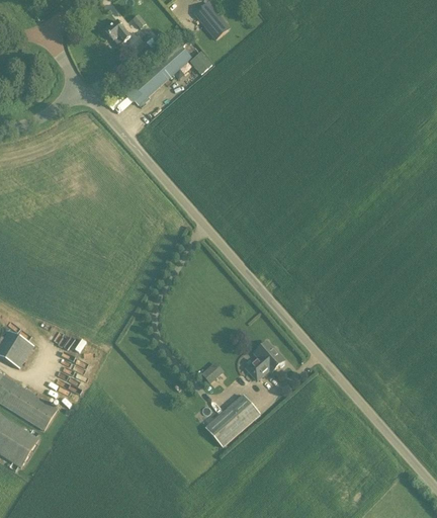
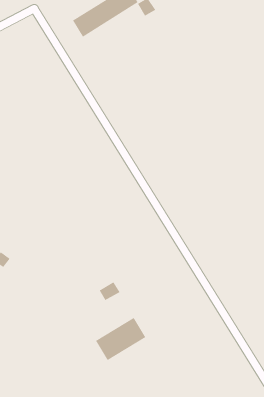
building: [245,342,282,380] -> none

